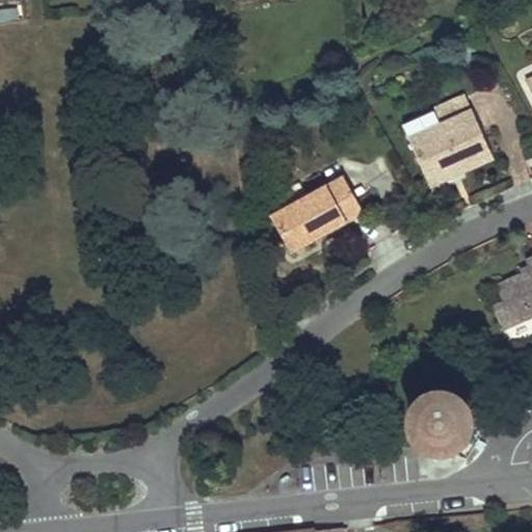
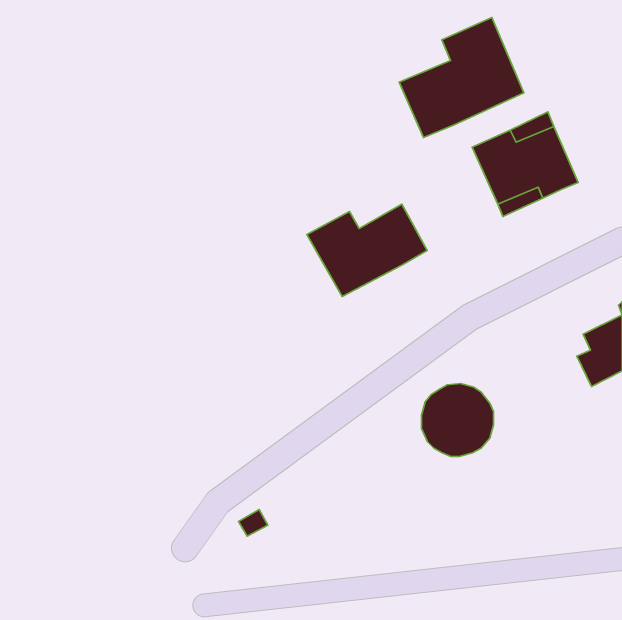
building: none -> [399,18,524,138]
building: [408,394,470,456] -> [422,384,493,457]

